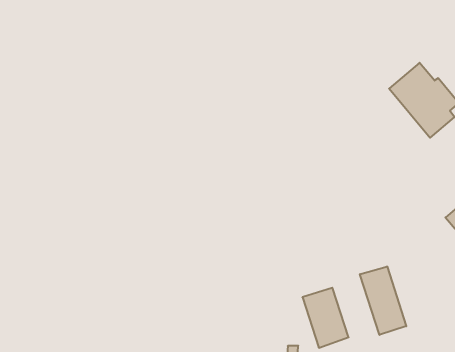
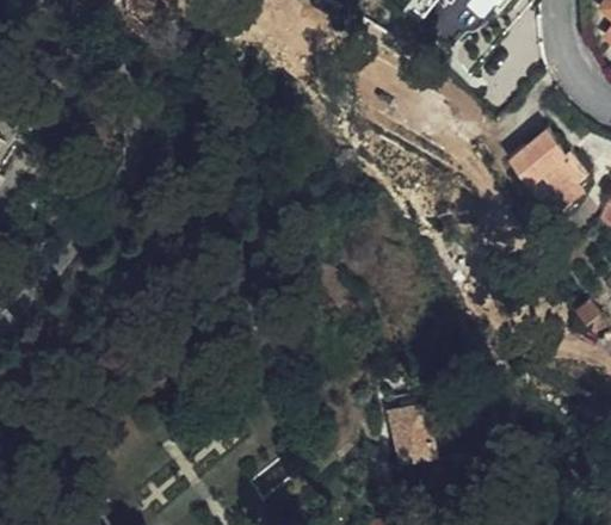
building: [360,266,406,335] -> none

